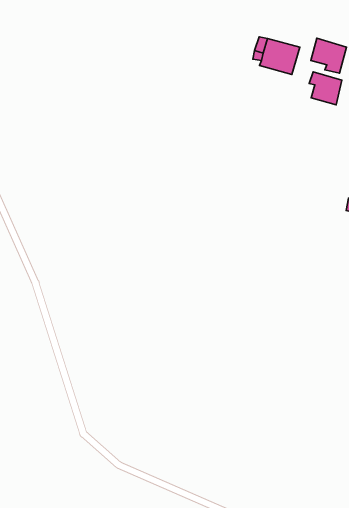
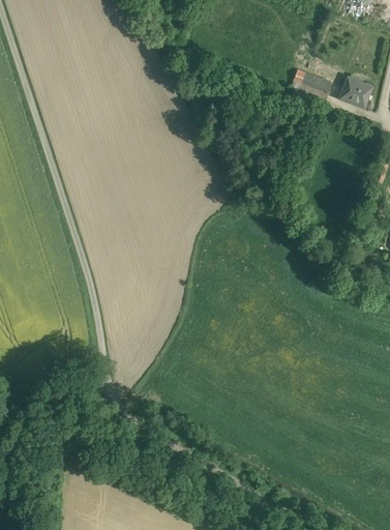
building: [309,72,342,105] -> none

